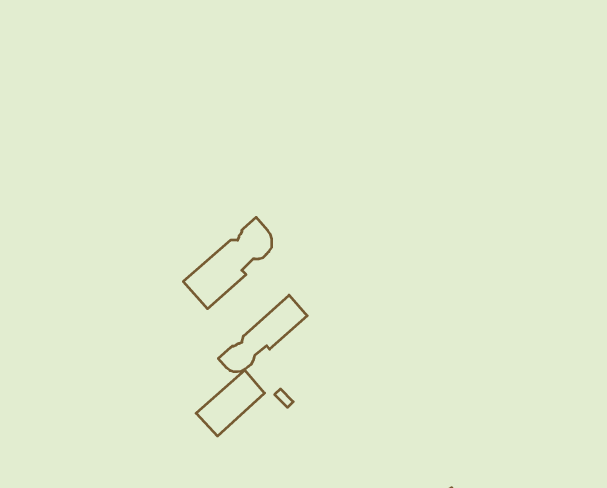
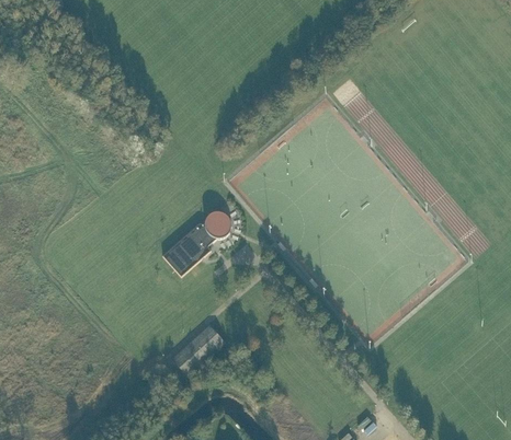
building: [218,295,307,372] -> none

